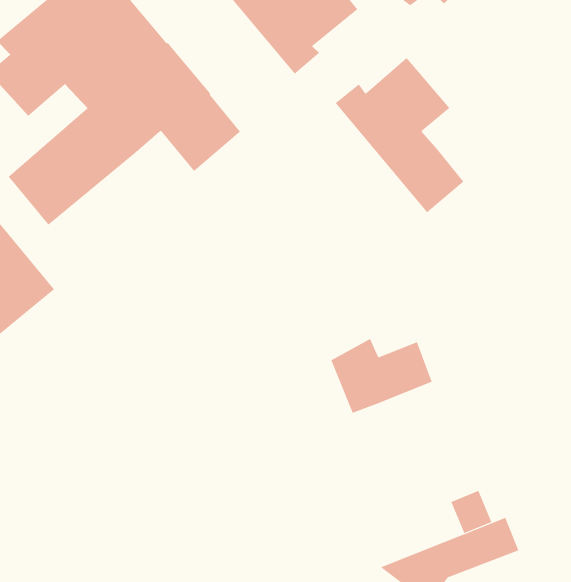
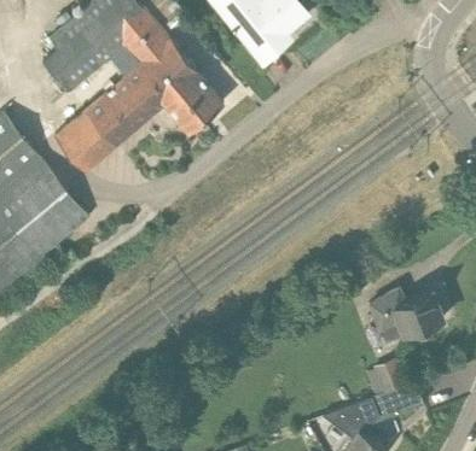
building: [335,57,464,213] -> none
building: [330,338,433,414] -> [370,288,443,342]

